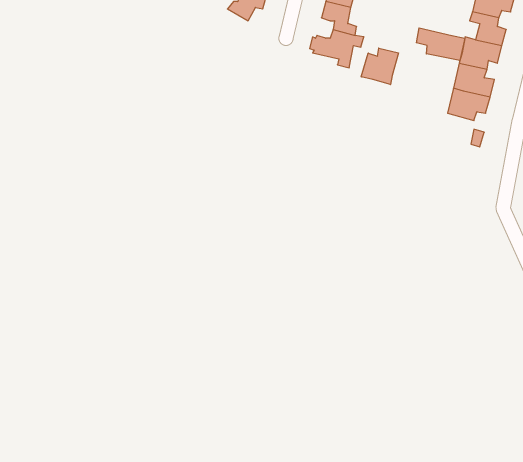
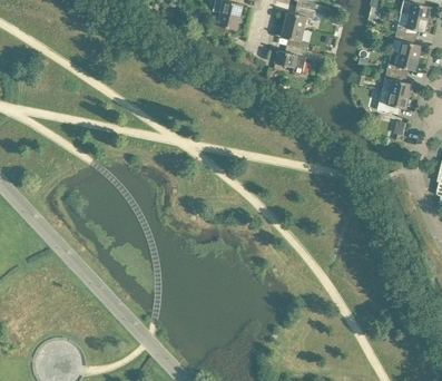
building: [416,28,465,61] -> none
building: [361,48,398,85] -> none

